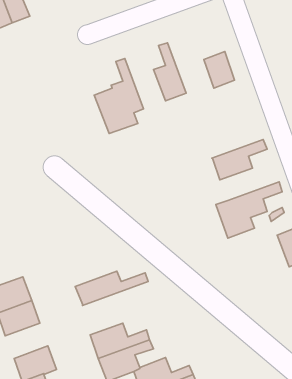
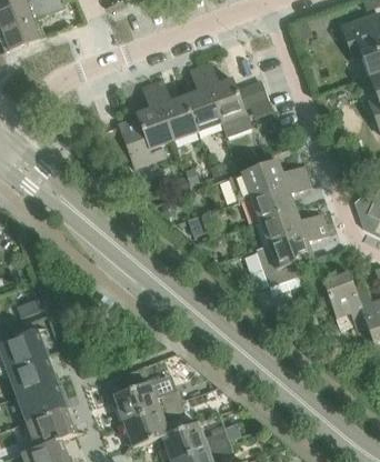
building: none -> [200,61,251,134]
building: none -> [152,79,198,140]
building: none -> [229,159,308,201]
building: none -> [259,207,326,243]
building: [75,271,148,306] -> none
building: none -> [18,381,66,421]

